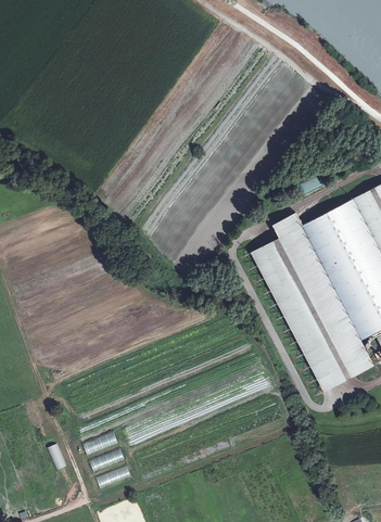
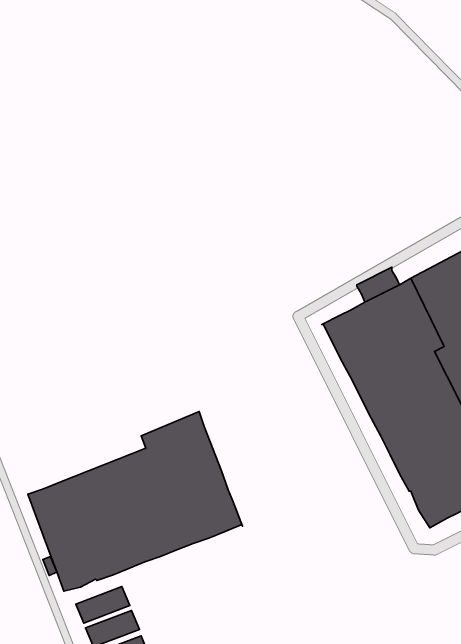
building: none -> [28,412,243,591]

